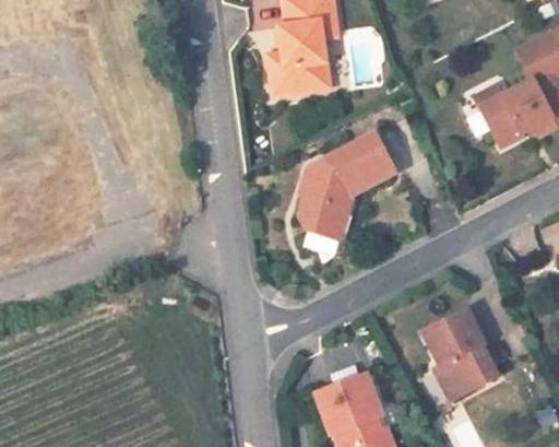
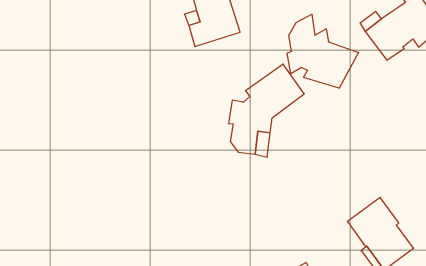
building: none -> [287,14,359,88]

